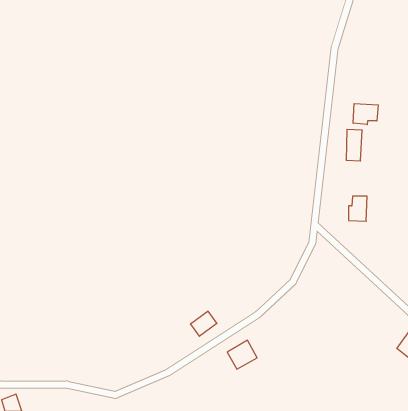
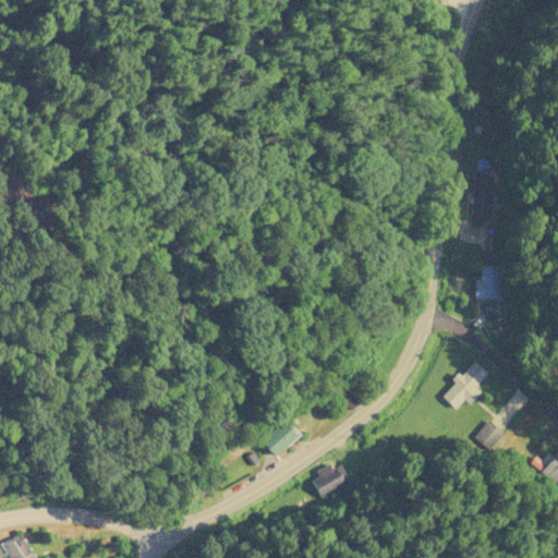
building: [353,104,378,125] -> none
building: none -> [442,360,488,409]
building: none -> [474,420,506,451]

